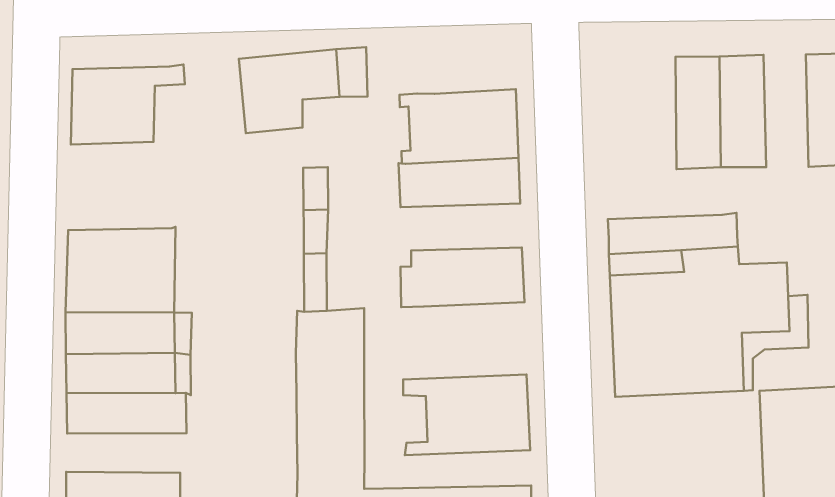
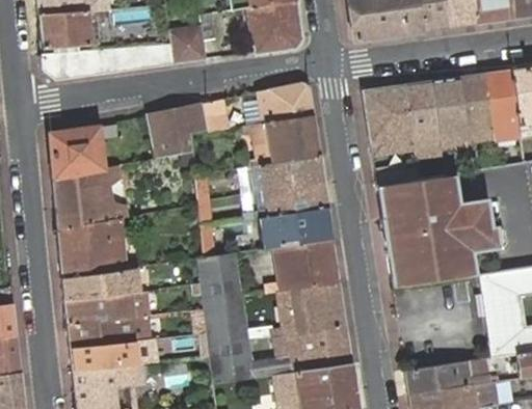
building: none -> [261,82,314,122]
building: none -> [458,74,493,143]
building: none -> [363,84,415,157]
building: none -> [54,167,119,228]
building: none -> [245,182,328,220]
building: none -> [265,240,340,294]
building: none -> [72,340,144,372]
building: none -> [272,327,350,358]

